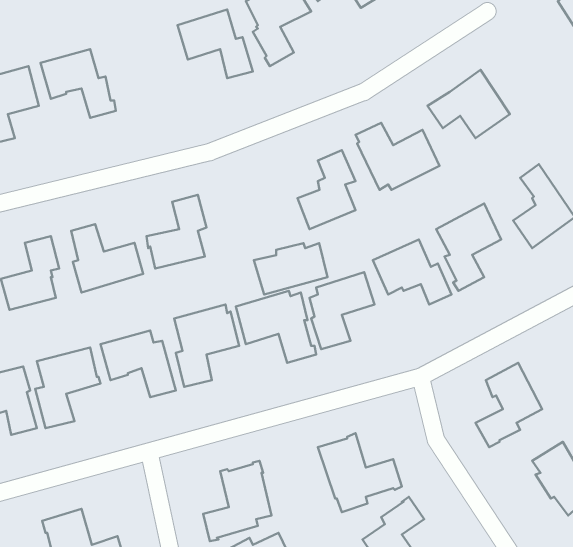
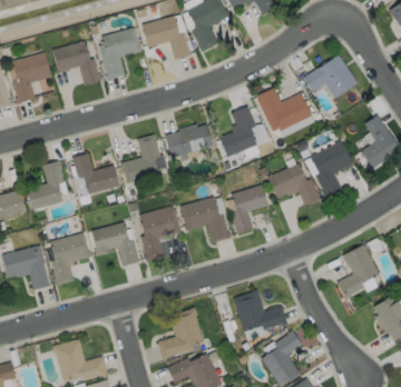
building: none -> [99,27,143,79]
building: [254,243,328,294] -> [165,123,213,157]

